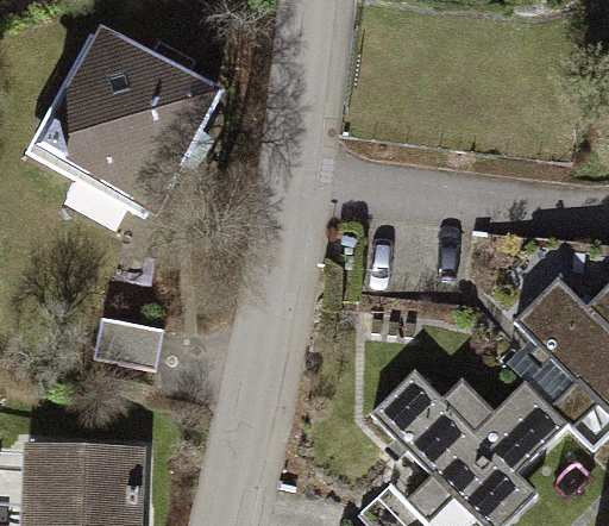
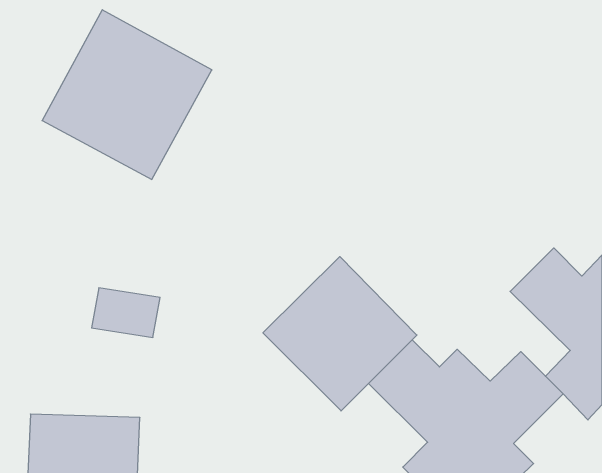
building: none -> [263,257,417,411]

